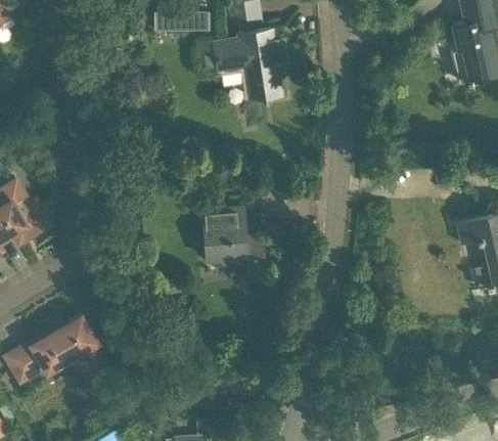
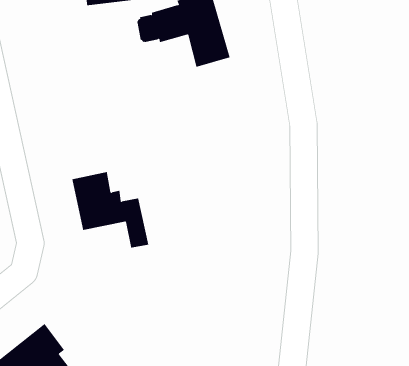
building: [201,208,265,280] -> [72,171,149,248]

